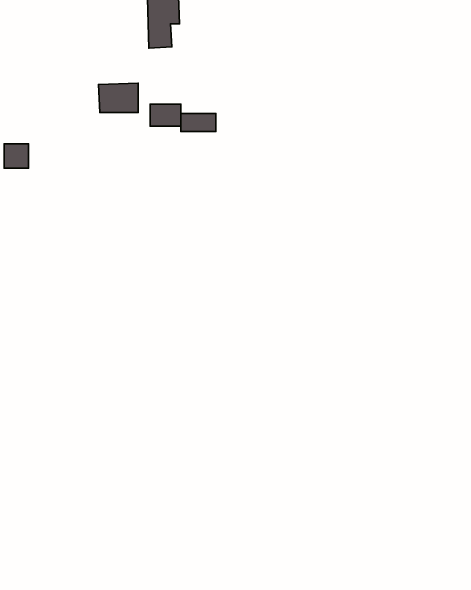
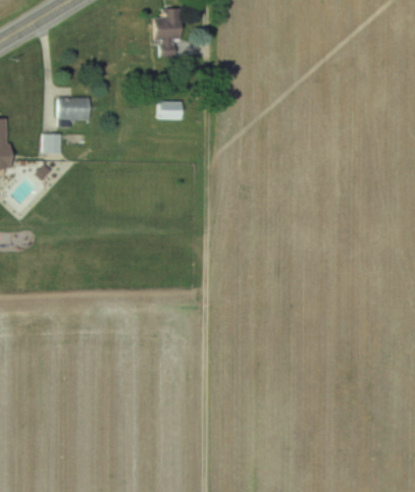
building: [99,83,138,113] -> [58,98,90,121]
building: [181,113,216,131] -> none

